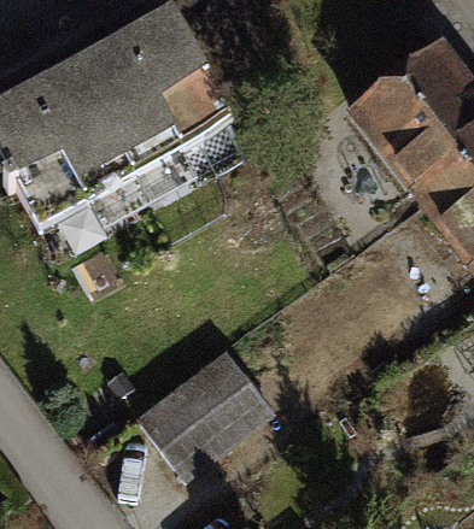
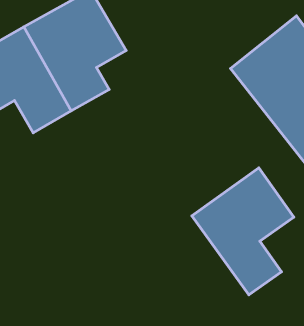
building: none -> [192,168,294,295]
building: [148,347,281,470] -> none

